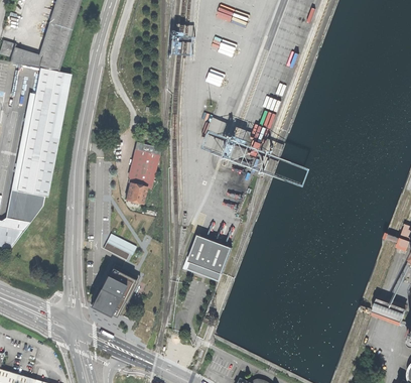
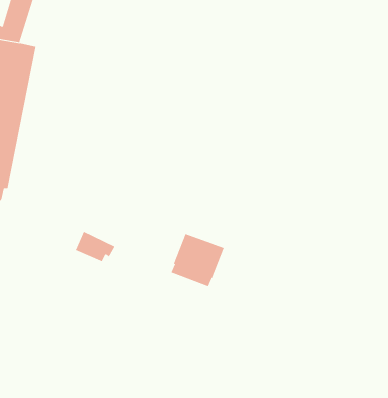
building: [123,142,162,205] -> none
building: [88,263,138,315] -> none

